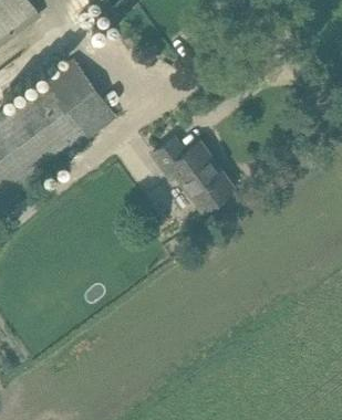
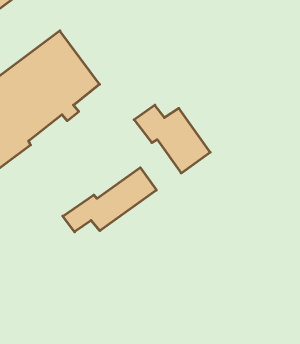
building: none -> [63,168,156,232]

